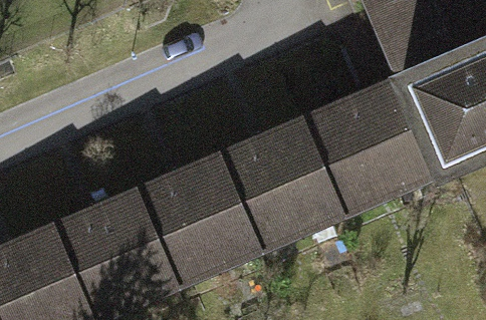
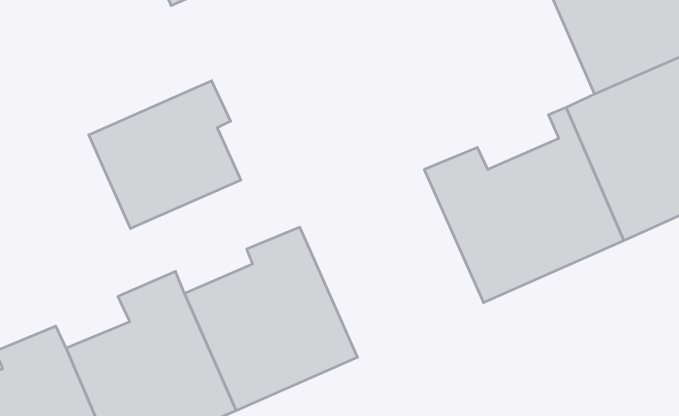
building: none -> [89,81,241,229]
building: [215,122,334,250] -> none

